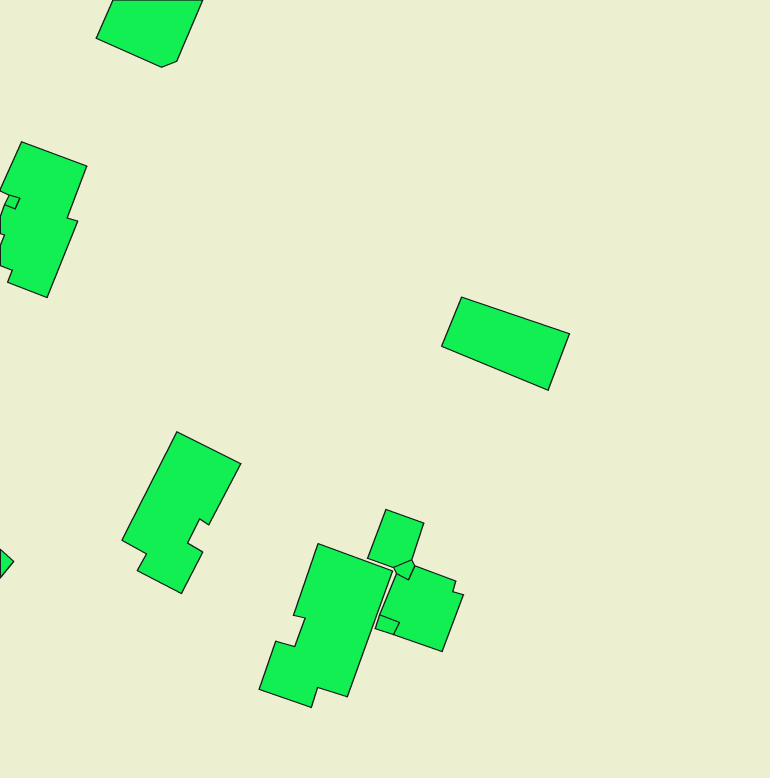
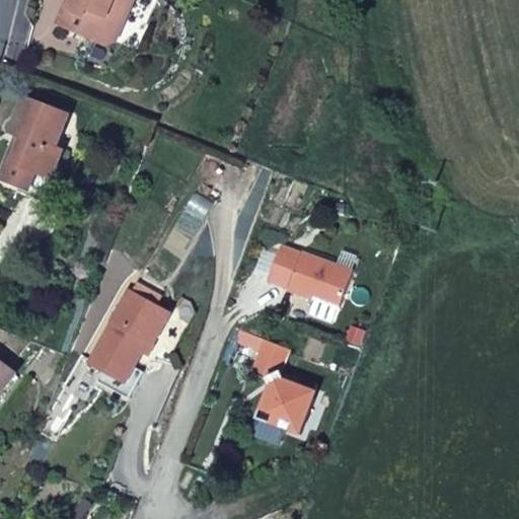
building: [442,297,570,390] -> [267,243,352,305]
building: [259,544,392,708] -> none

